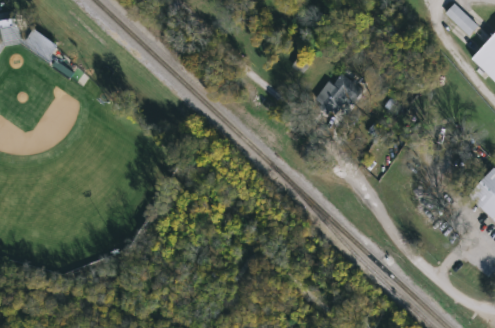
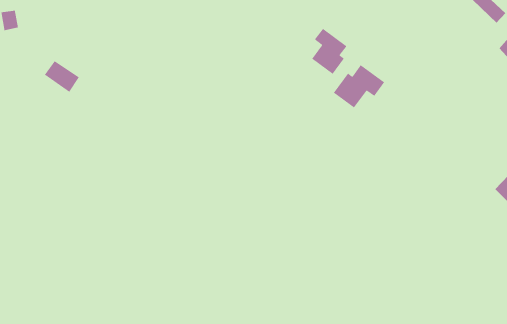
building: [26,29,60,60] -> [44,60,80,93]
building: none -> [311,28,347,75]

